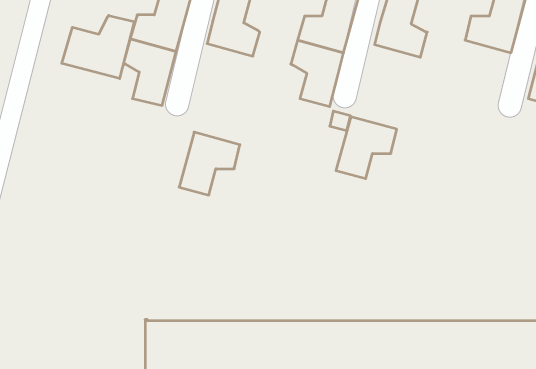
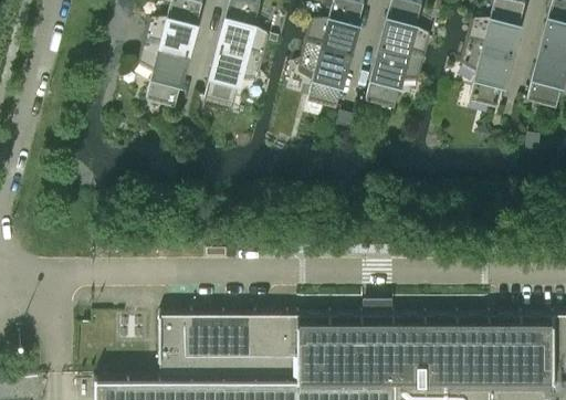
building: [62,15,134,79] -> none
building: none -> [460,44,511,108]
building: [336,117,397,179] -> [365,49,423,108]
building: [179,132,240,195] -> [203,48,262,108]

